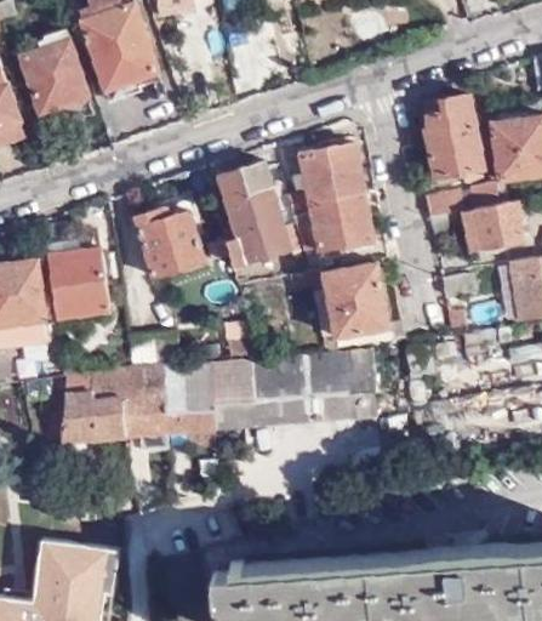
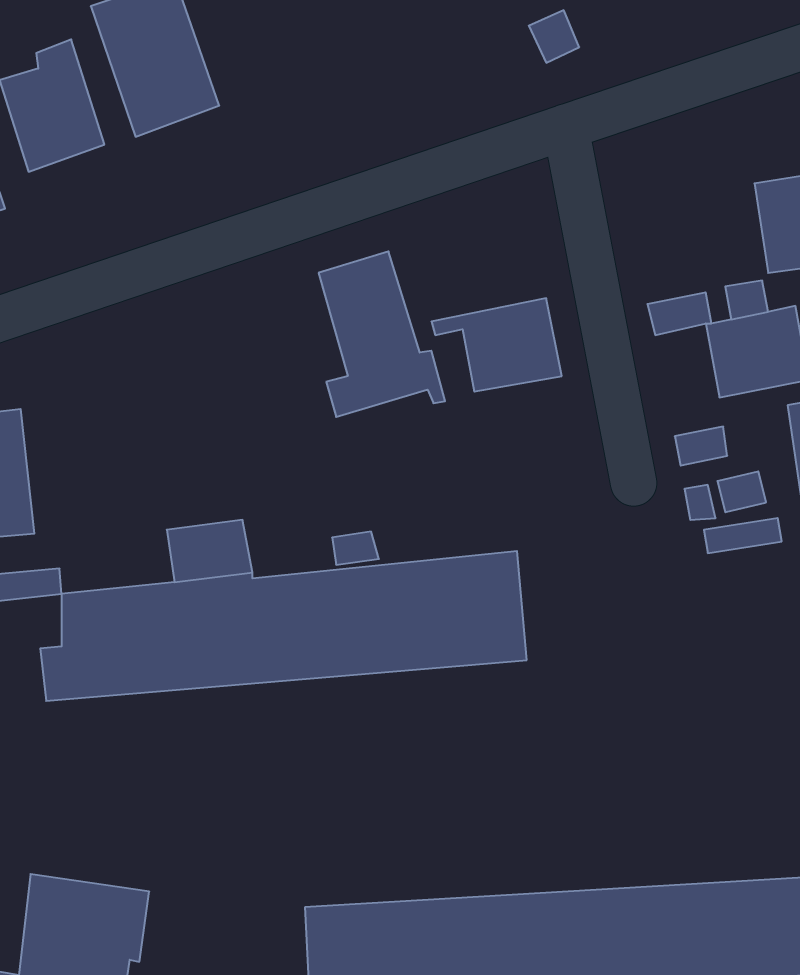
building: [424,97,478,175] -> none
building: [289,144,363,207] -> none
building: [133,200,205,280] -> none
building: [47,250,108,317] -> none
building: [289,258,404,346] -> none

